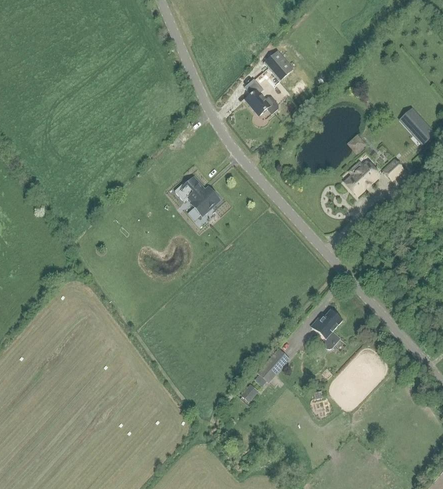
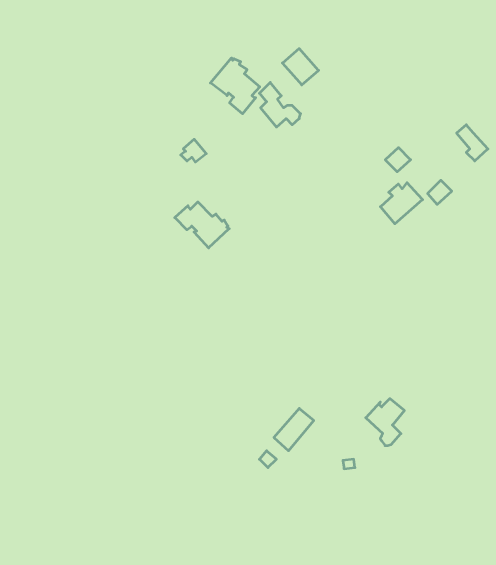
building: none -> [210,58,260,114]
building: [310,309,342,348] -> [366,399,404,446]

